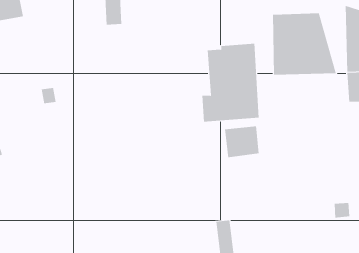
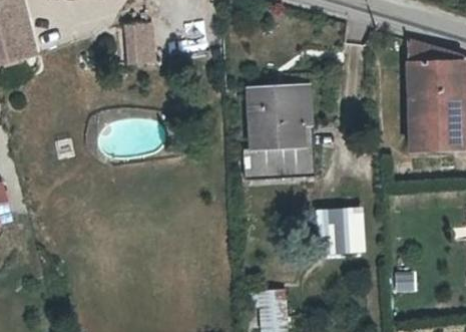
building: [272,13,336,75] -> none
building: [224,126,260,158] -> [316,214,357,251]

